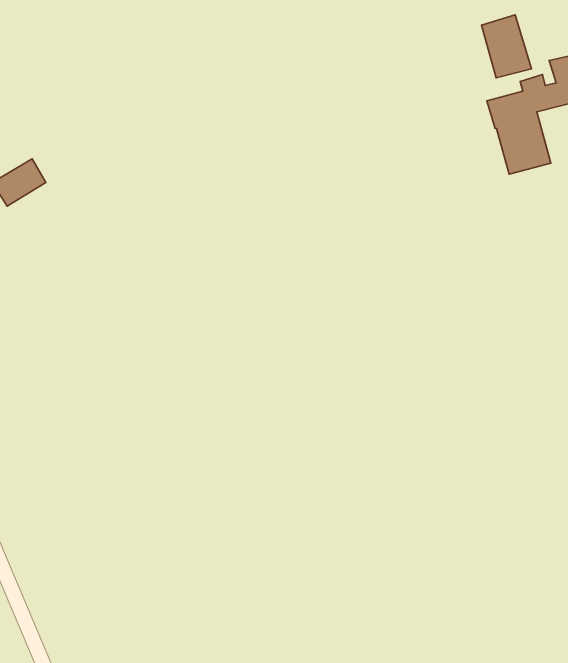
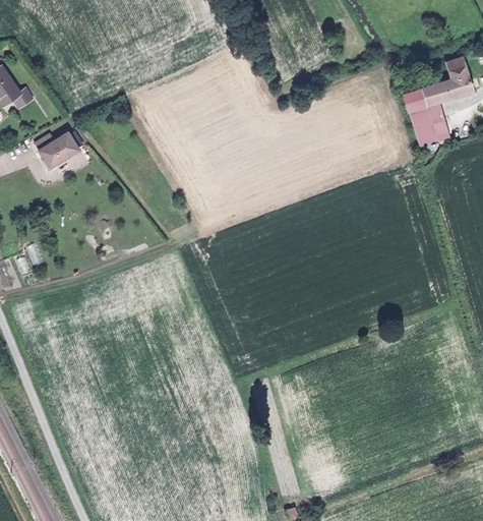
building: [481,15,531,78] -> none

